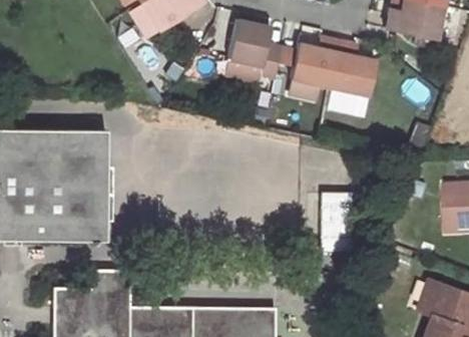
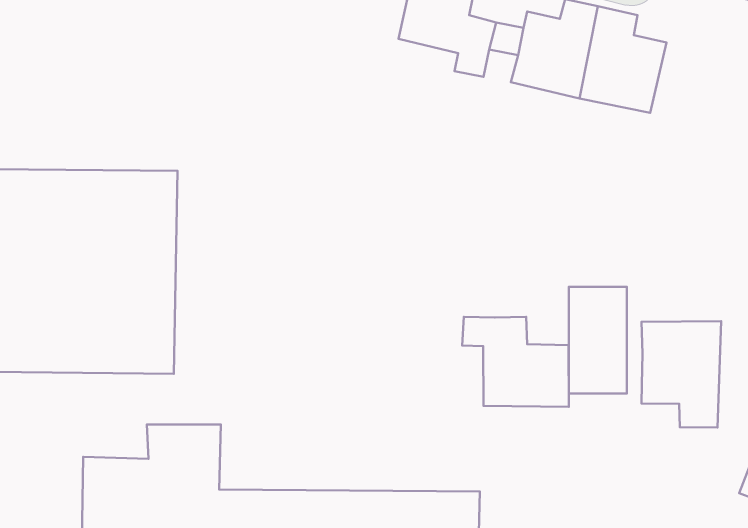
building: none -> [462,317,569,407]
building: none -> [642,321,721,427]

